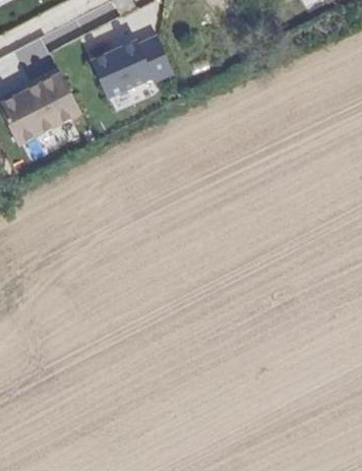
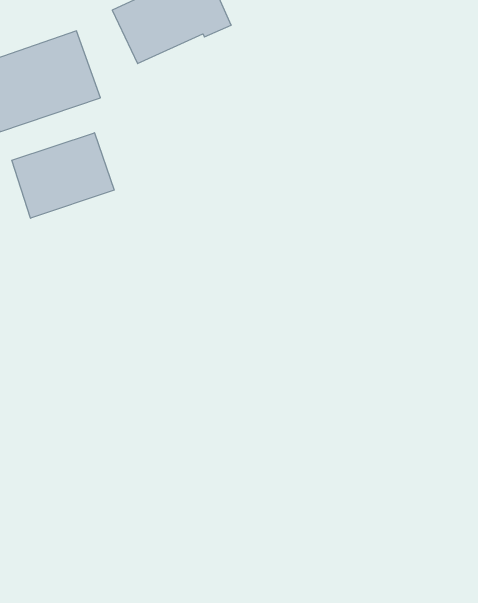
building: none -> [12,133,114,218]

